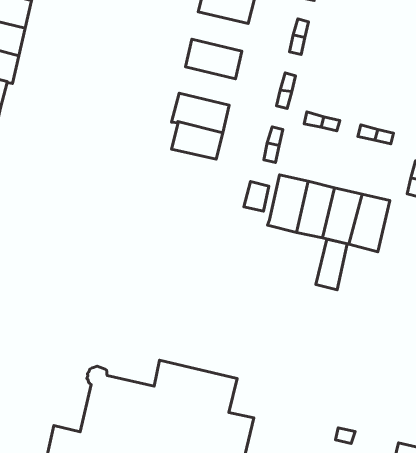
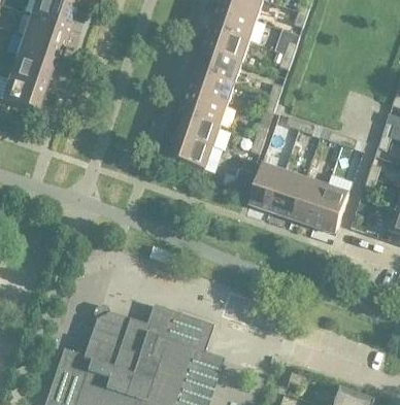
building: none -> [202,28,248,63]
building: none -> [188,71,234,105]
building: none -> [170,136,212,170]
building: [316,239,347,290] -> none

